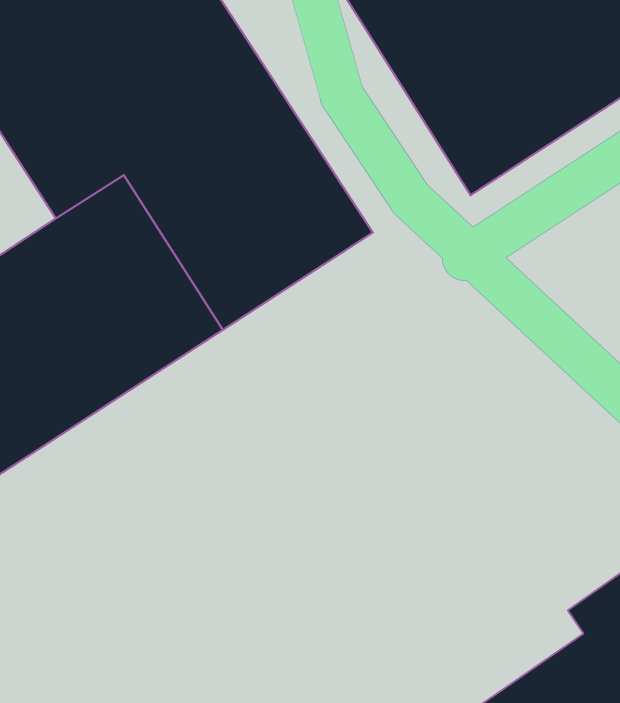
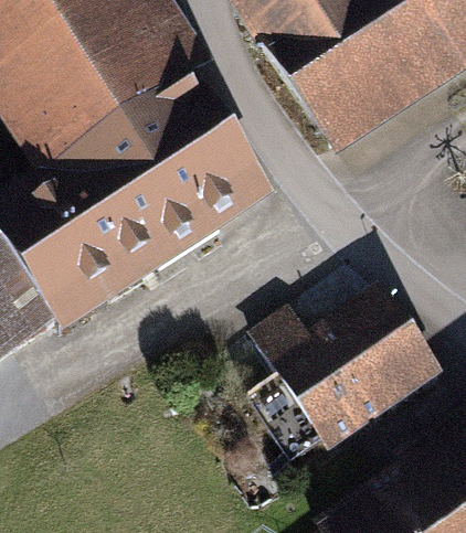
building: none -> [260,287,439,445]

